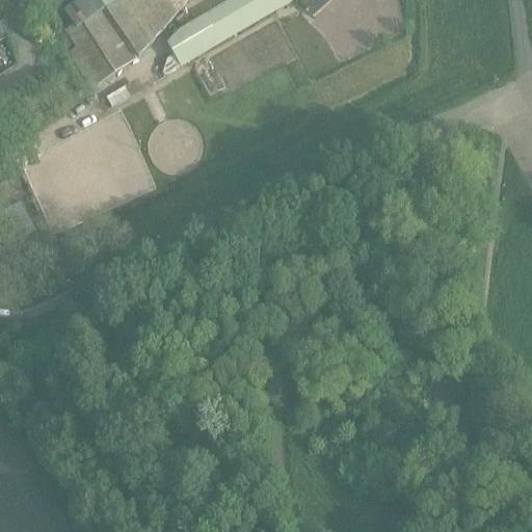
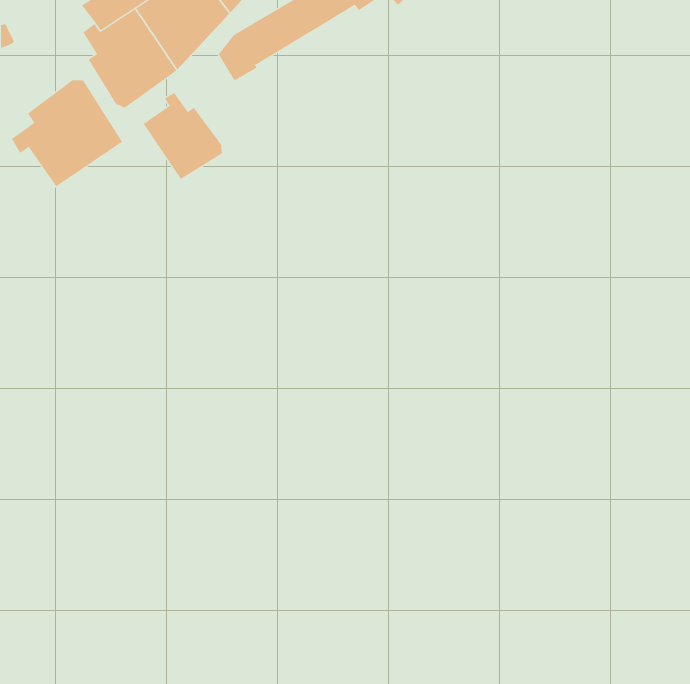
building: none -> [11,79,123,187]
building: none -> [143,92,223,180]

